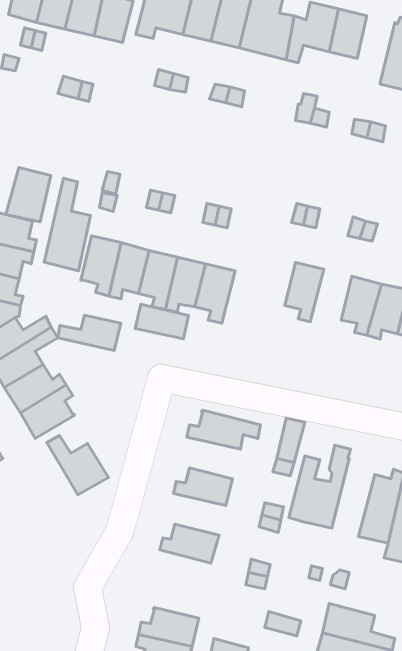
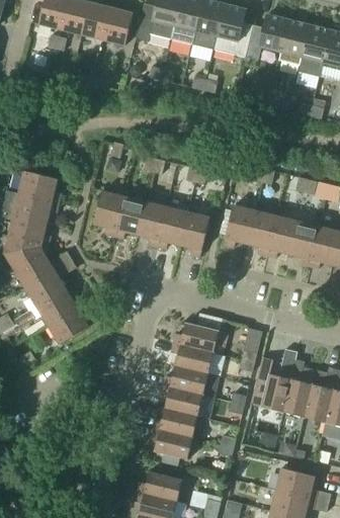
building: none -> [298,24,330,75]
building: [6,167,51,222] -> none
building: [44,178,90,271] -> none
building: none -> [223,205,255,247]
building: none -> [266,215,298,257]
building: [135,304,189,339] -> none
building: [58,315,121,350] -> none
building: [47,435,108,495] -> none
building: none -> [171,342,214,373]
building: none -> [282,358,315,417]
building: none -> [161,384,202,416]
building: none -> [151,427,191,458]

